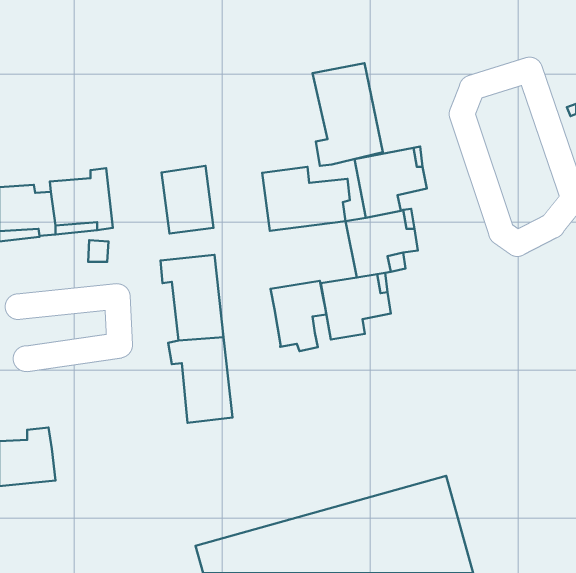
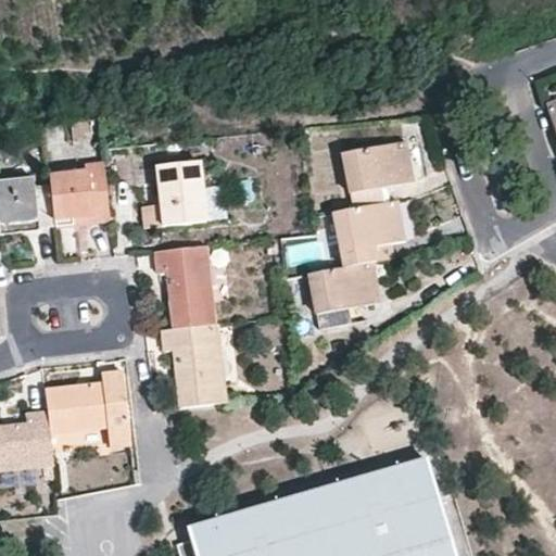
building: [313,63,383,166] -> none
building: [262,167,350,231] -> none
building: [271,281,326,351] -> none
building: none -> [45,371,130,445]

